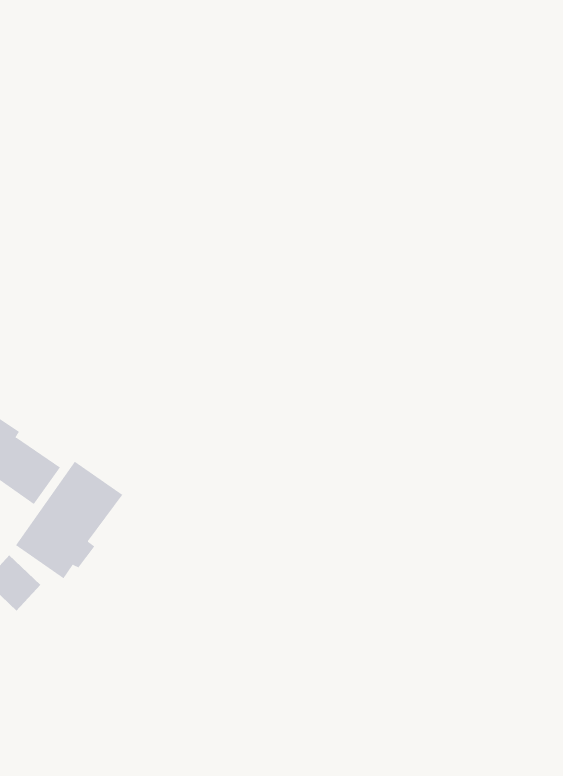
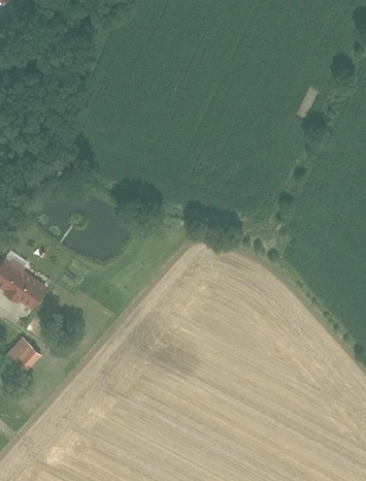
building: [15,461,123,579] -> none

